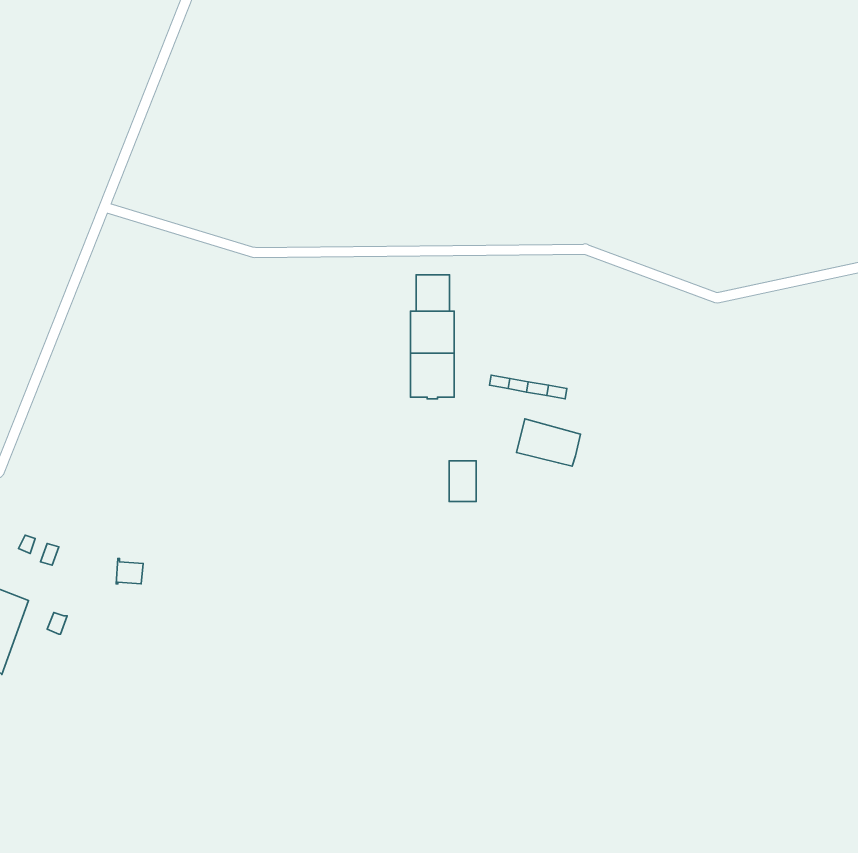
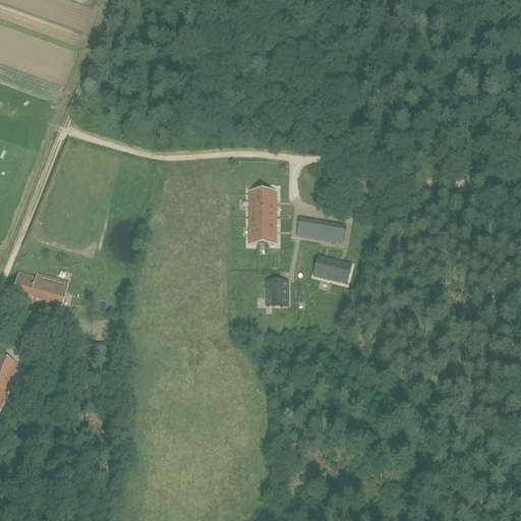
building: [416,275,450,311] -> none
building: none -> [11,271,65,310]

